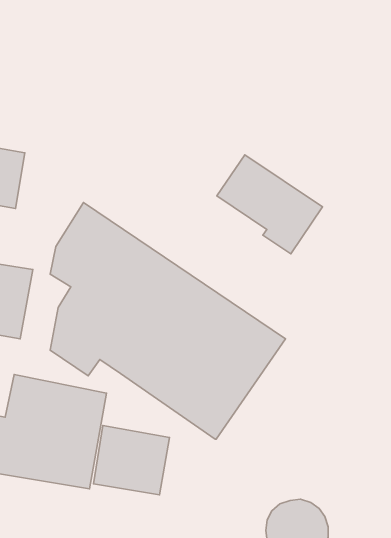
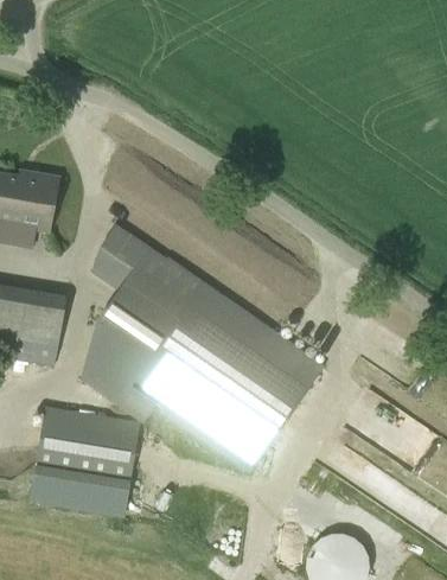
building: [217,155,323,254] -> none
building: [94,425,169,495] -> none

